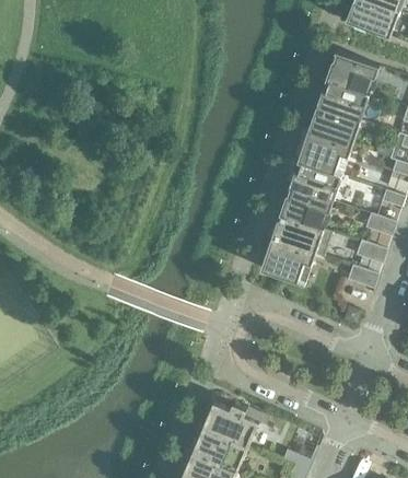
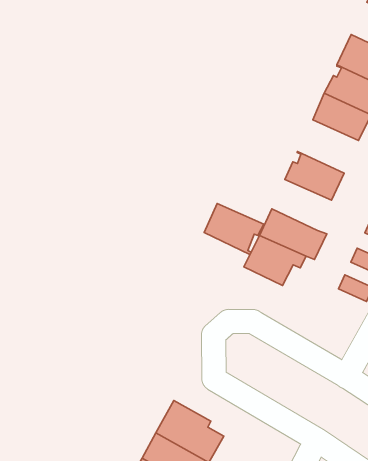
building: [299,131,352,176] -> none
building: [281,187,334,230] -> [204,203,264,254]

